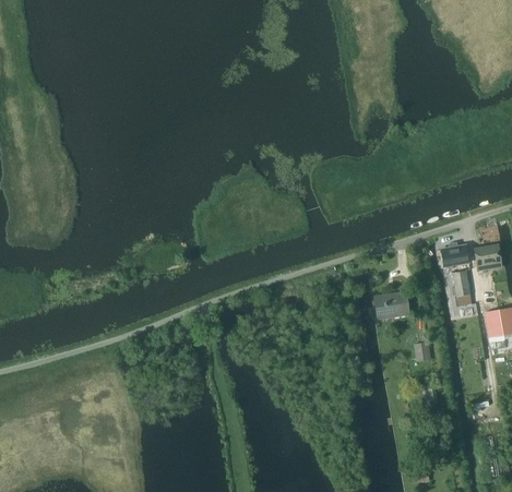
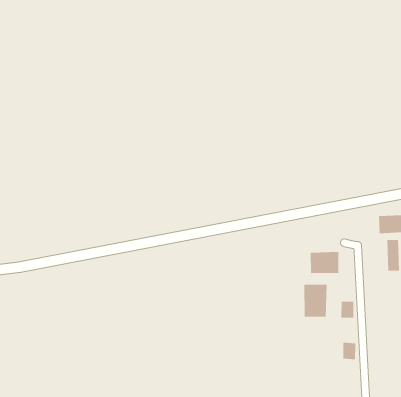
building: none -> [304,284,327,318]

